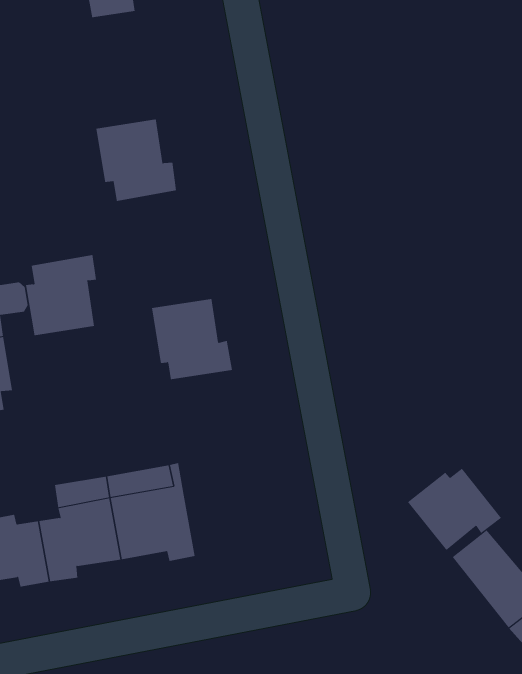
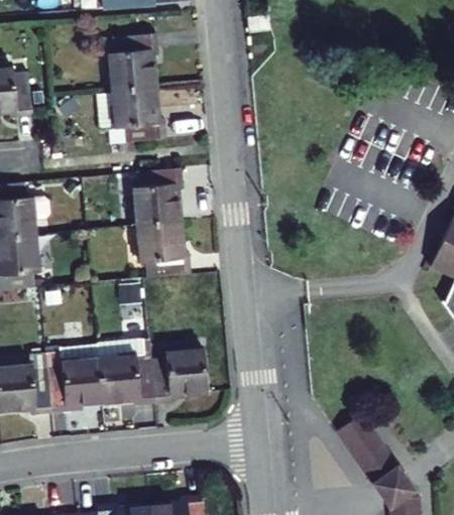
building: none -> [106,42,155,99]
building: [25,254,97,336] -> [134,174,185,228]
building: [407,468,502,551] -> none
building: none -> [149,349,206,404]

